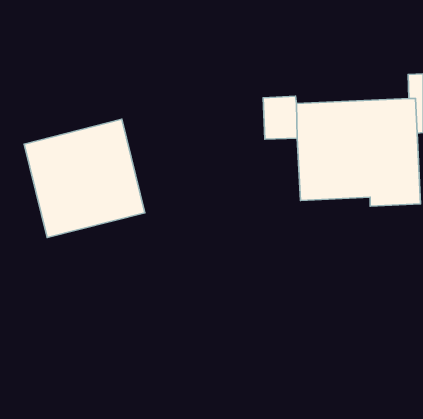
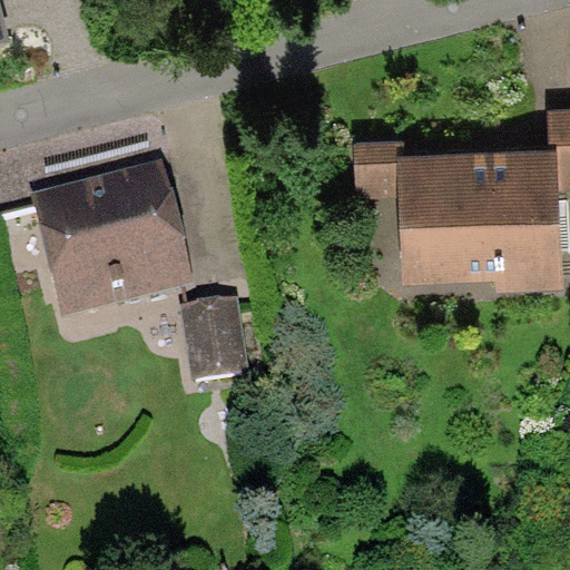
building: none -> [181,303,250,386]

